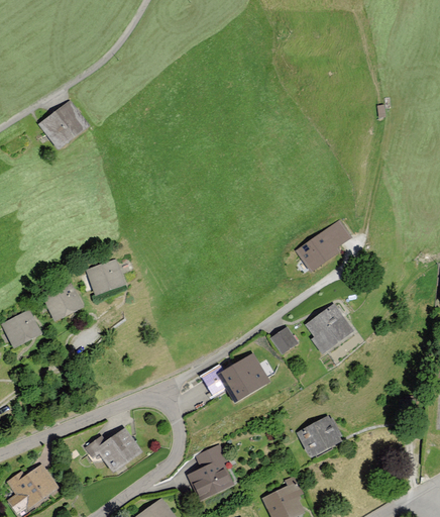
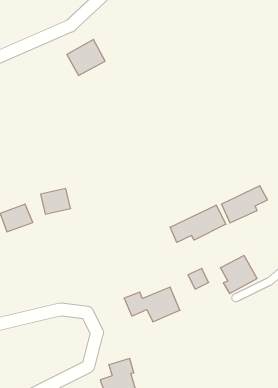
building: [41,103,87,147] -> [67,39,105,75]
building: none -> [170,205,226,242]
building: [299,417,341,456] -> none
building: [86,428,142,472] -> none

